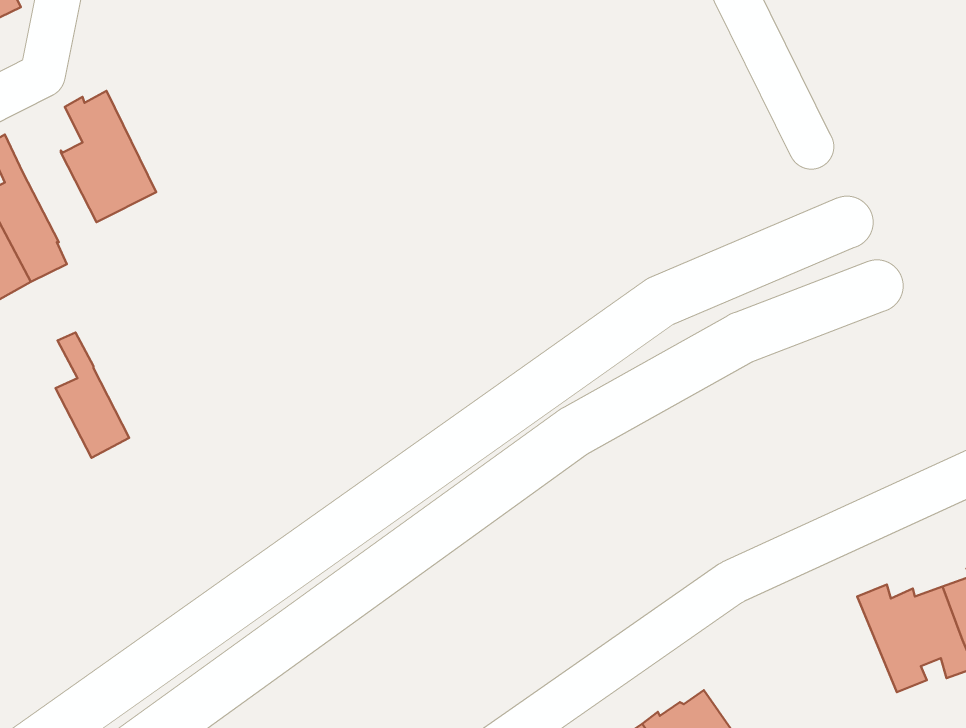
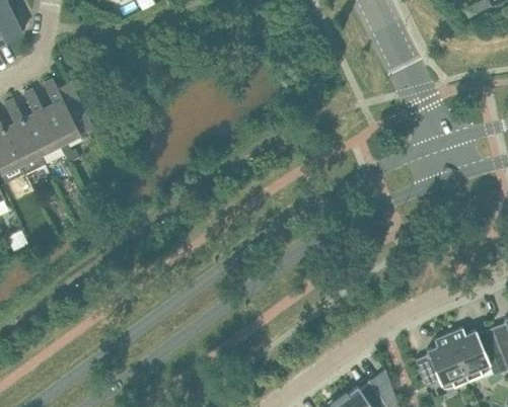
building: [56,332,129,458] -> [23,88,61,152]
building: none -> [415,332,468,387]

